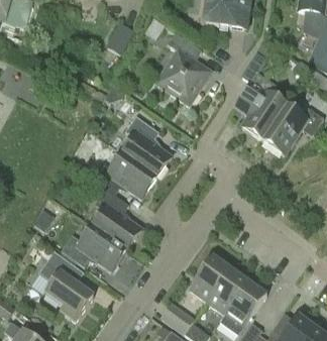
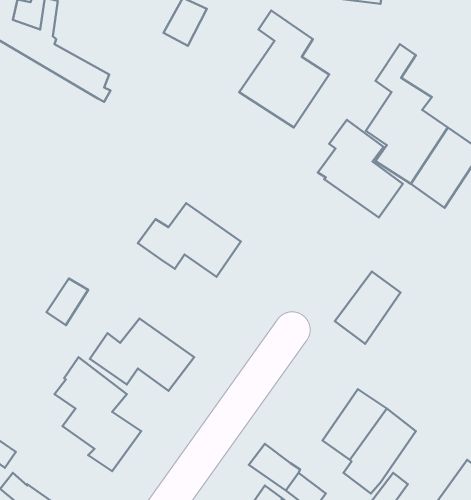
building: [117,115,171,177] -> [318,120,403,218]
building: [92,188,141,249] -> none
building: [188,256,229,302] -> [335,272,401,344]

